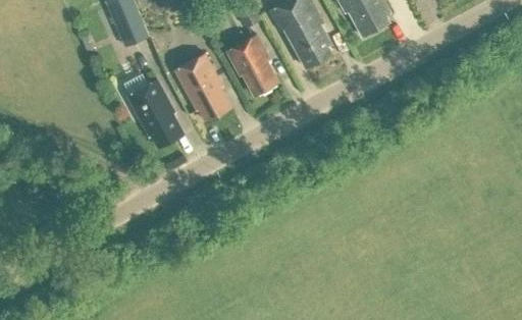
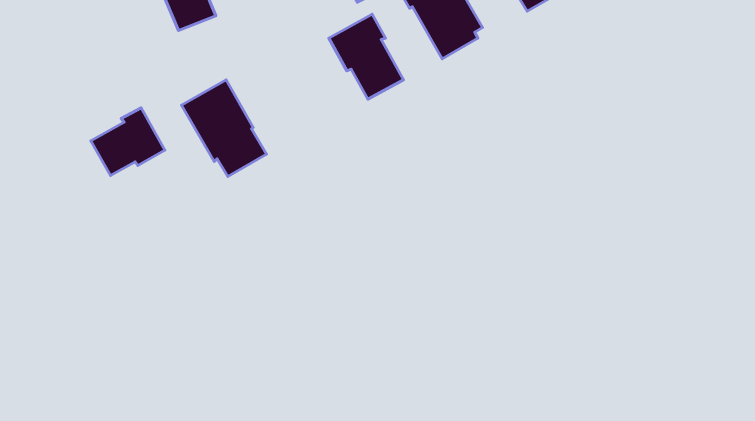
building: [172,55,229,120] -> none
building: none -> [91,108,165,175]

